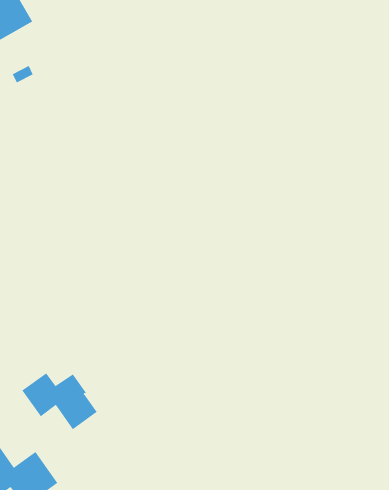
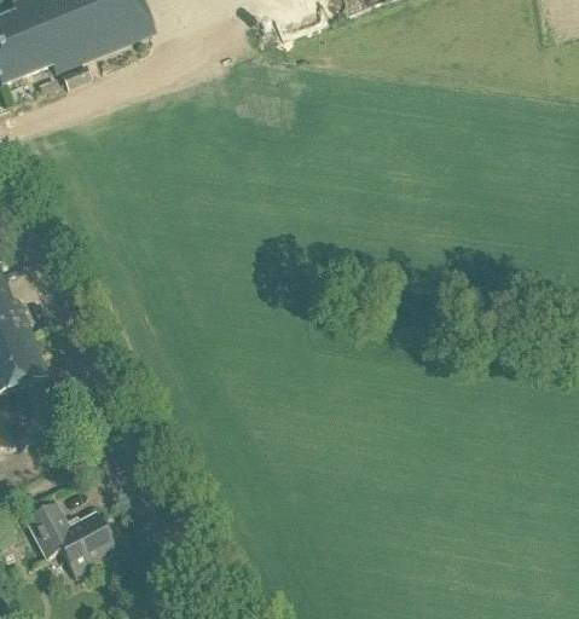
building: [21,373,98,430] -> none

